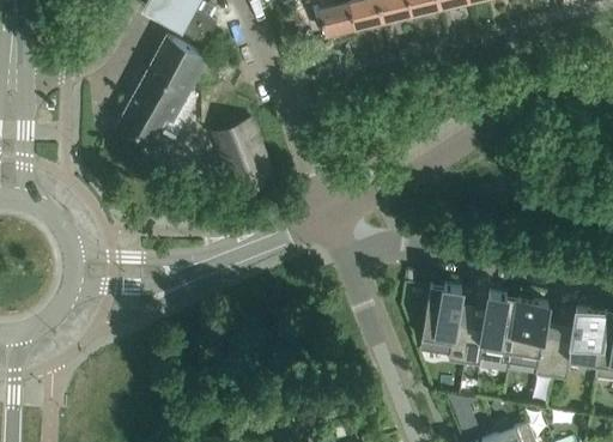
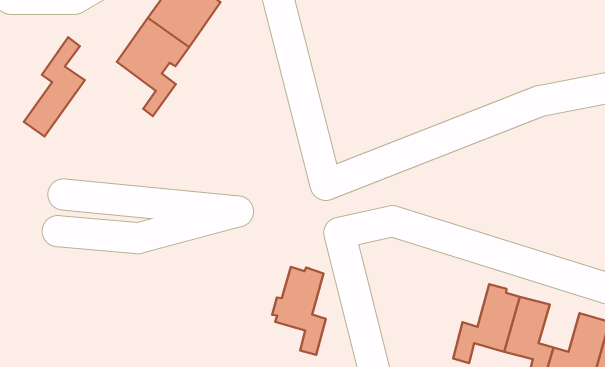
building: none -> [24,37,85,137]
building: [212,119,273,193] -> none
building: [417,284,467,364] -> [272,267,326,355]

